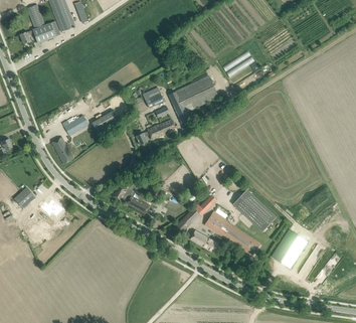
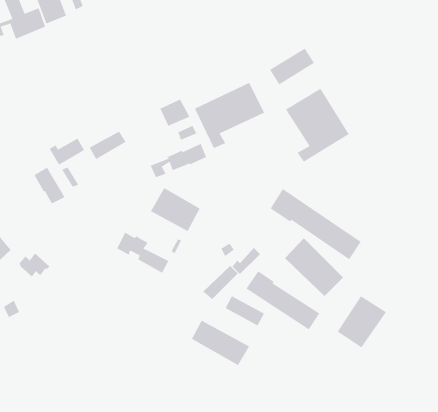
building: none -> [285,88,350,162]
building: none -> [150,187,201,232]
building: none -> [270,188,361,260]
building: none -> [191,320,250,366]

